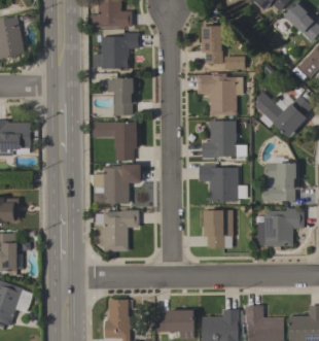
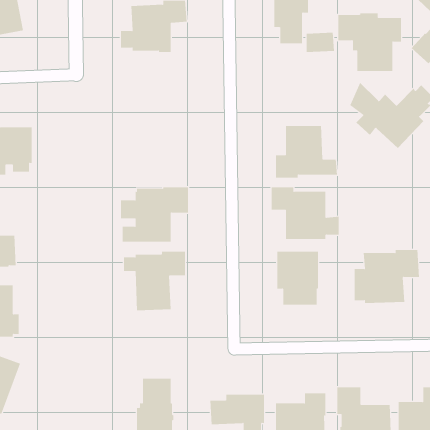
building: [197,74,242,115] -> [338,13,402,71]
building: [107,78,136,116] -> none
building: [93,122,137,161] -> none
building: [261,163,298,202] -> none

